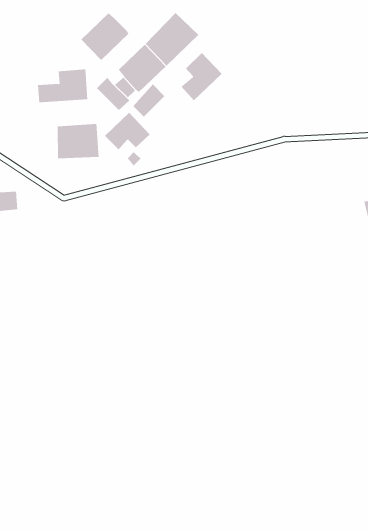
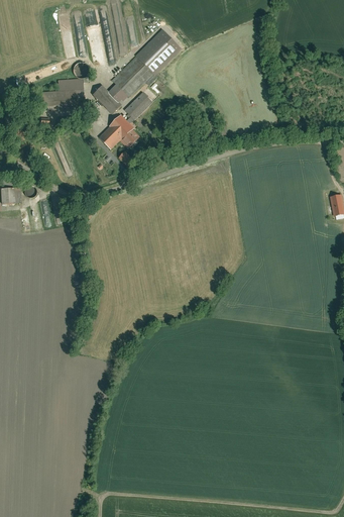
building: [81,13,129,61] -> none
building: [180,52,222,101] -> none
building: [57,123,99,159] -> none

